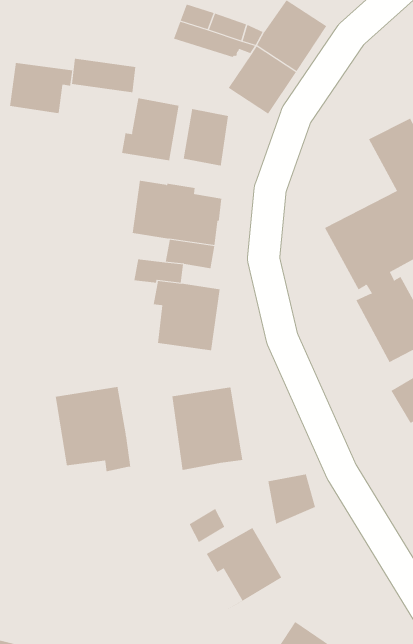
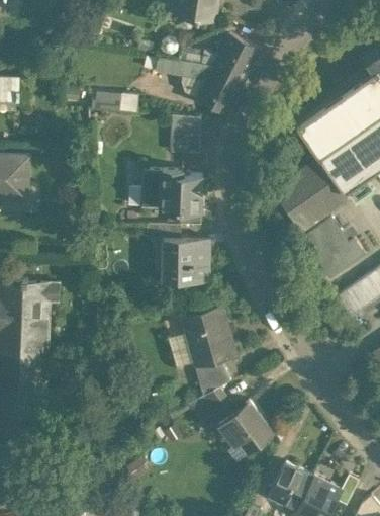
building: [9,62,77,117] -> none
building: [122,94,179,161] -> none
building: [55,386,131,472] -> none
building: [268,474,316,525] -> [196,359,231,397]

